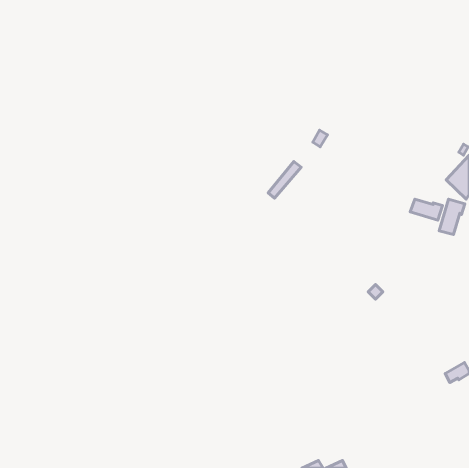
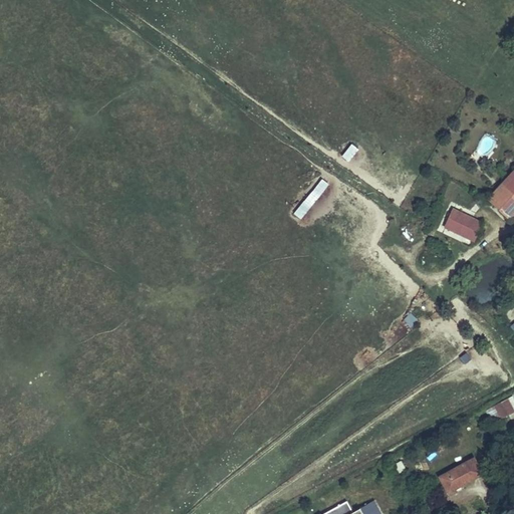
building: [439,199,465,234] -> none
building: none -> [441,461,481,494]

